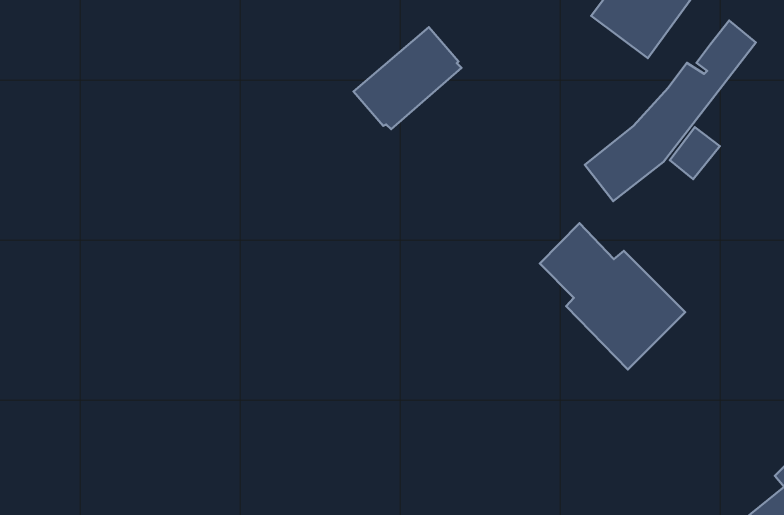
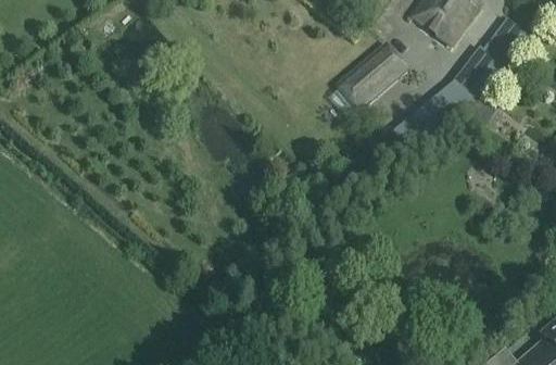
building: [353,27,462,129] -> [333,42,408,113]
building: [540,223,685,370] -> none

